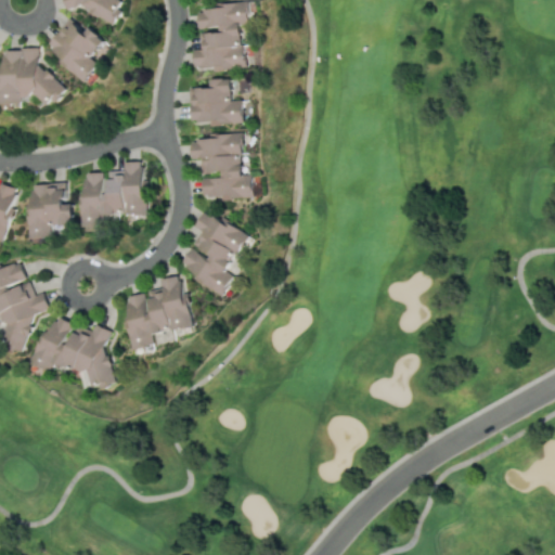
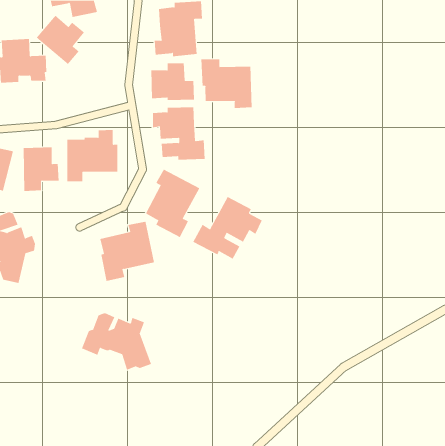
building: none -> [201,58,252,109]
building: none -> [193,196,263,259]
building: [30,319,118,390] -> [81,313,152,370]

